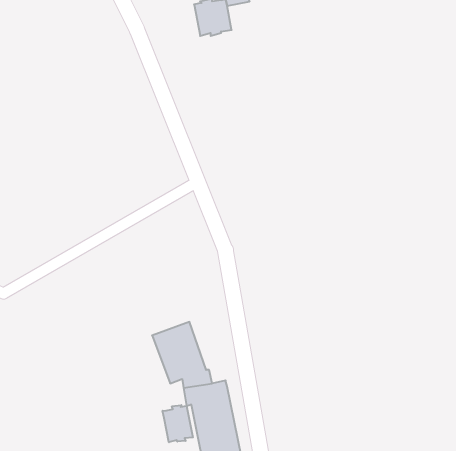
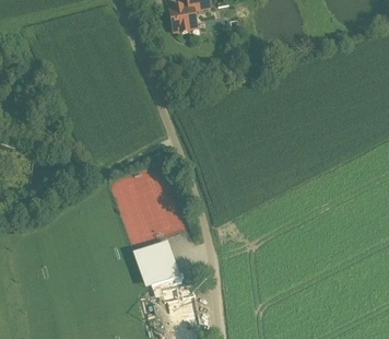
building: [163,405,193,442] -> none

